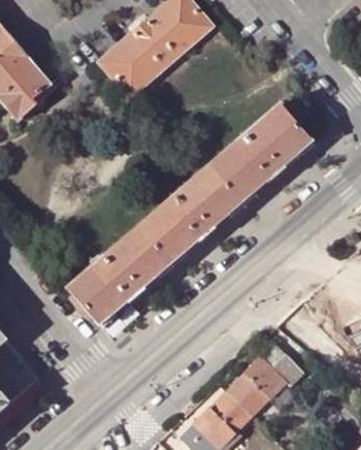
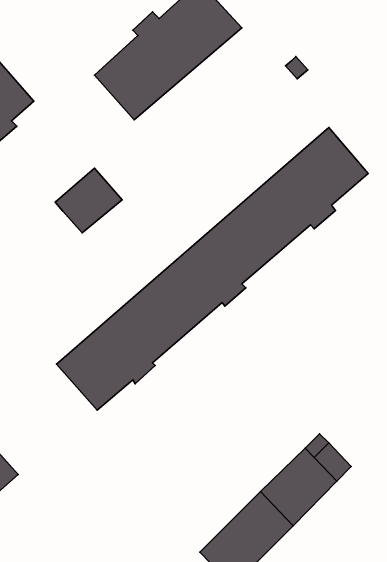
building: none -> [55,168,122,233]

